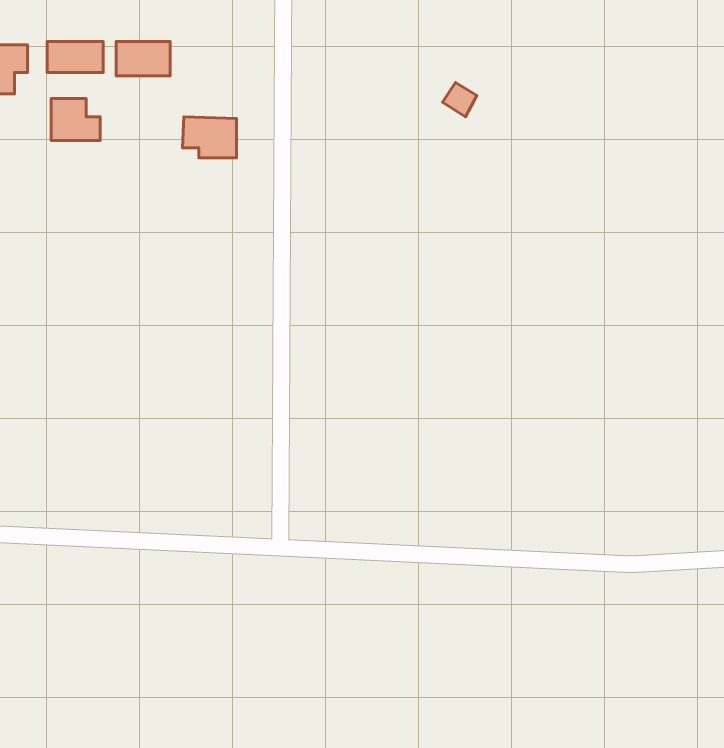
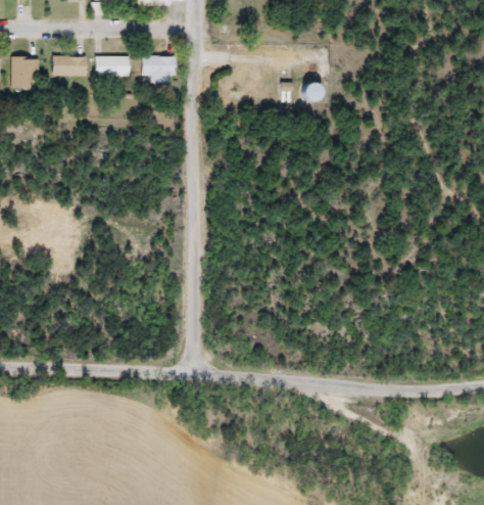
building: [51,98,100,141] -> none
building: [182,117,236,158] -> [140,55,174,81]

